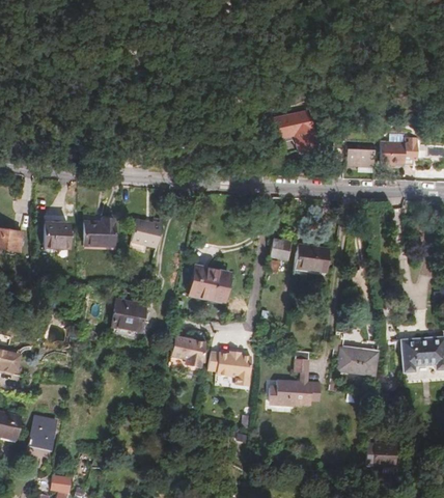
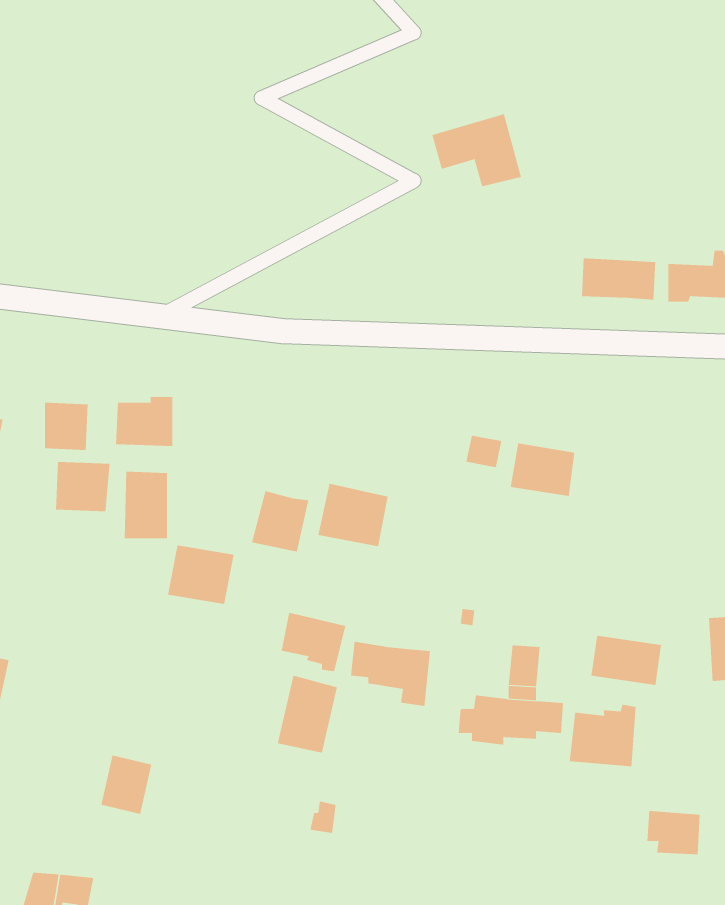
building: [268,108,316,147] -> [431,114,522,187]
building: [131,217,162,250] -> [251,490,309,552]
building: none -> [55,461,110,512]
building: none -> [124,471,168,539]
building: none -> [277,675,337,754]
building: none -> [569,704,636,767]
building: [28,417,56,449] -> [100,755,152,815]

